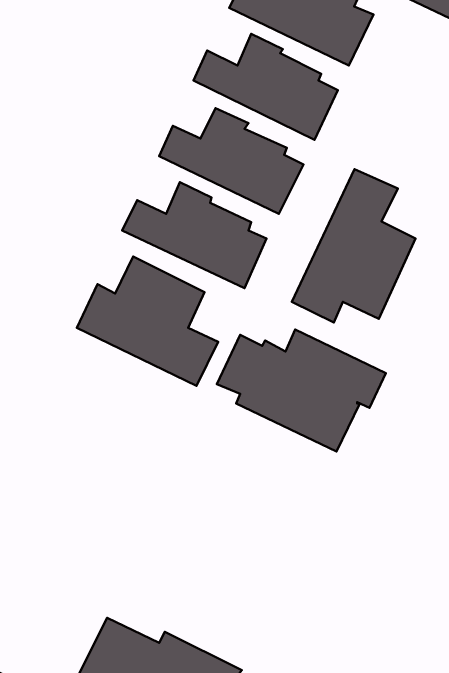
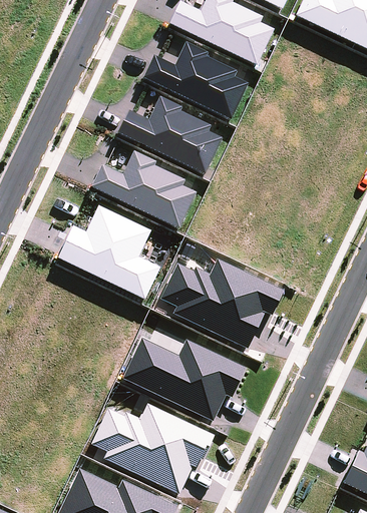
building: [292,169,415,322] -> none
building: none -> [122,325,246,421]
building: none -> [90,403,214,493]

